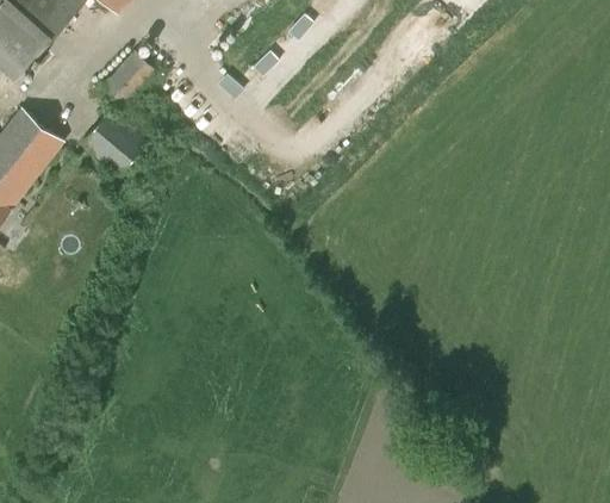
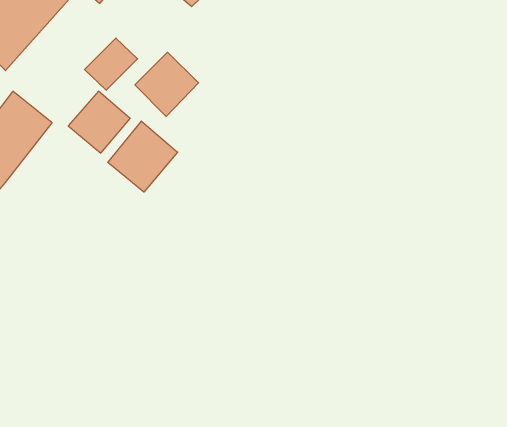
building: none -> [135,52,199,117]
building: none -> [108,121,178,192]

